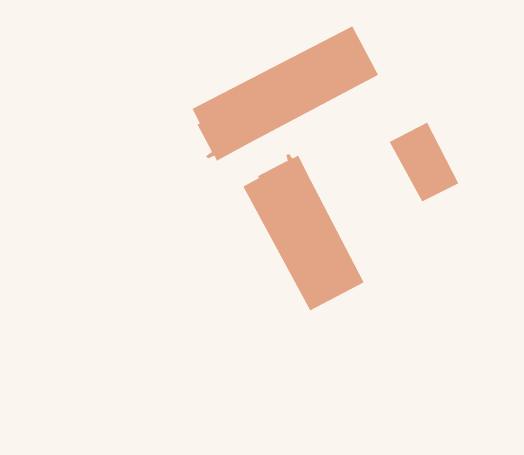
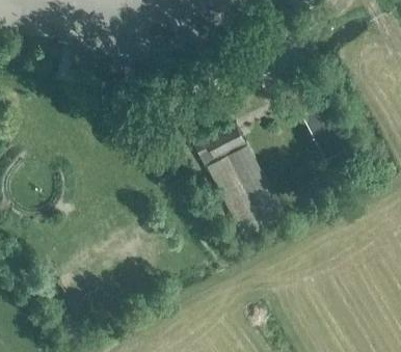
building: [192,26,379,162] -> none

